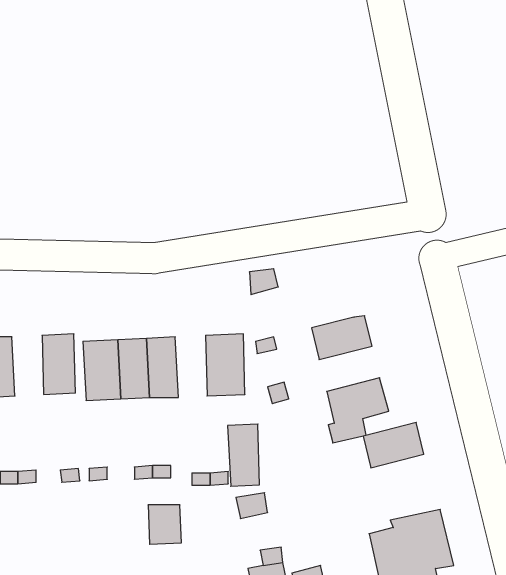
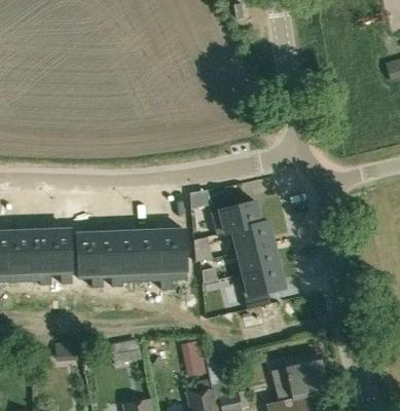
building: none -> [216,191,260,232]
building: none -> [28,235,49,276]
building: [363,422,424,468] -> [237,242,278,273]
building: [228,424,259,486] -> [139,235,160,277]

